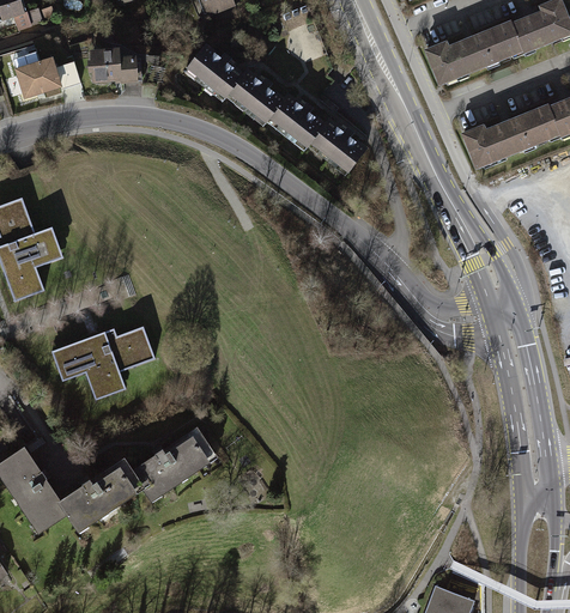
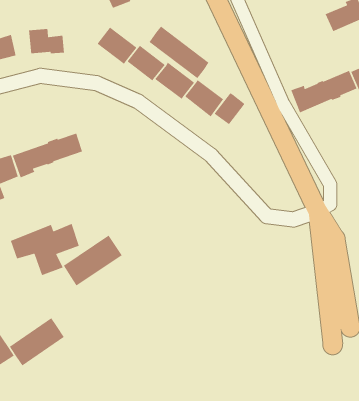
building: [424,23,522,84] -> none
building: none -> [149,25,210,79]
building: none -> [214,92,246,125]
building: none -> [12,130,83,178]
building: [127,427,213,502] -> [63,235,123,286]

